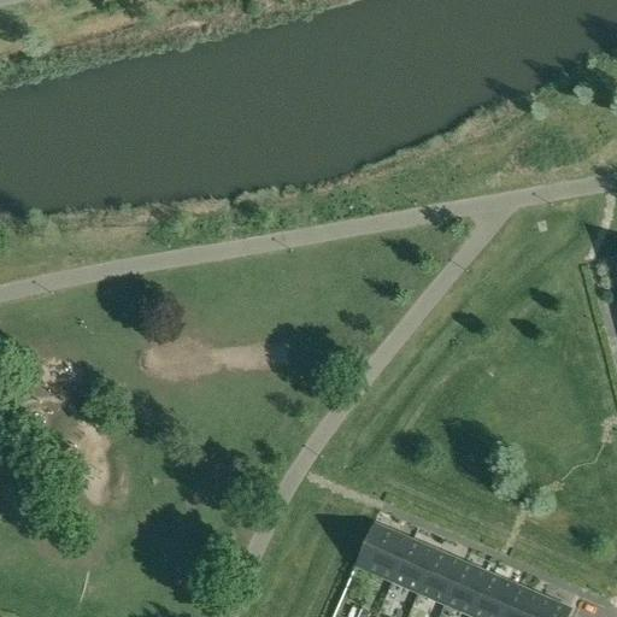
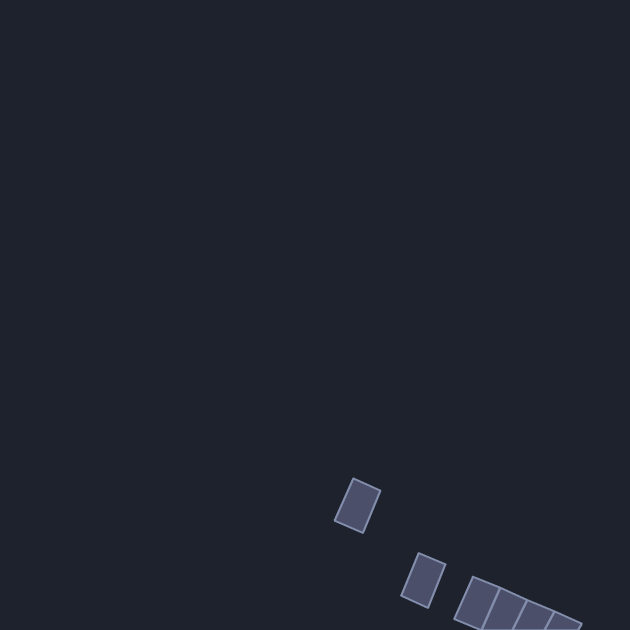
building: [363,527,407,580] -> [335,478,380,533]
building: [417,550,460,603] -> none

